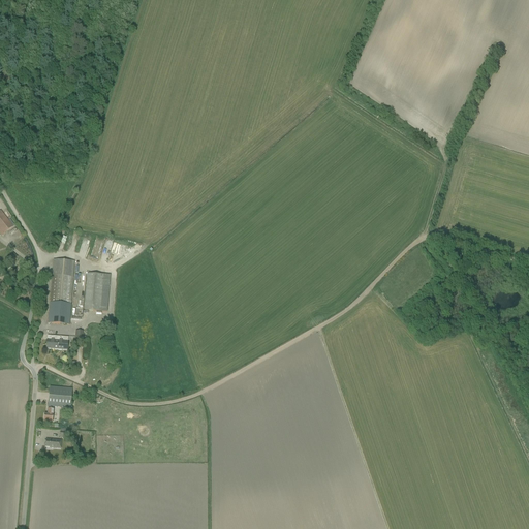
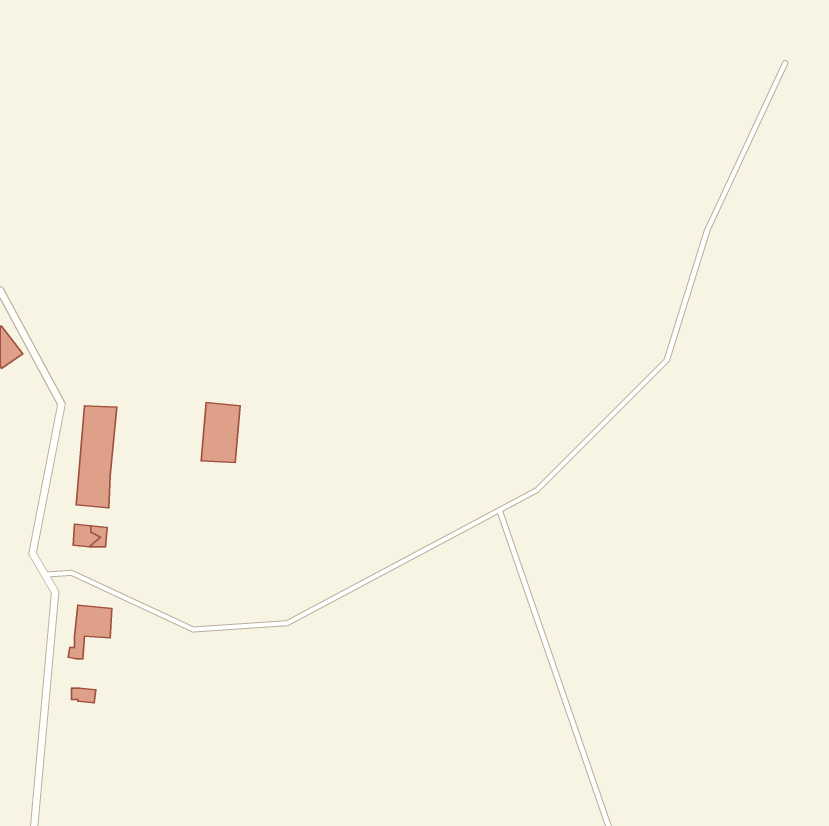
building: [85,272,110,310] -> [201,403,240,463]

